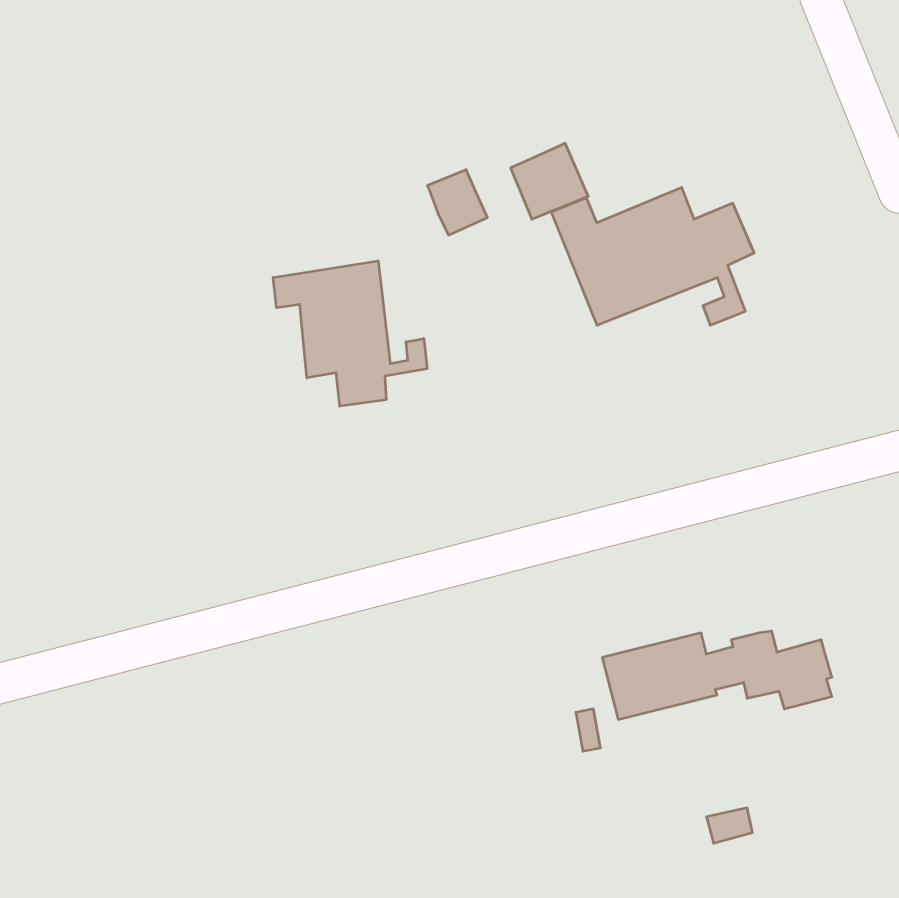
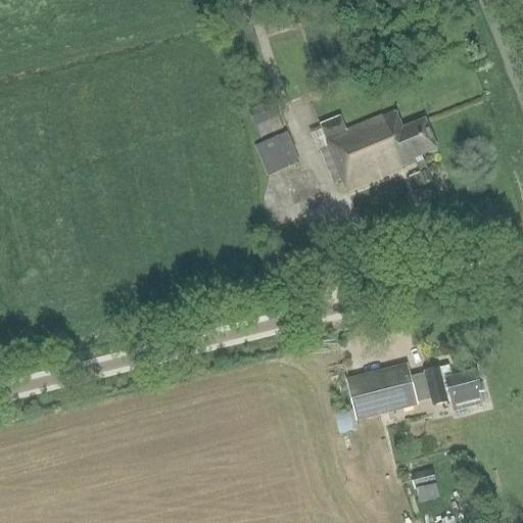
building: [511,143,588,219] -> [254,130,299,174]
building: [273,261,427,406] -> none

